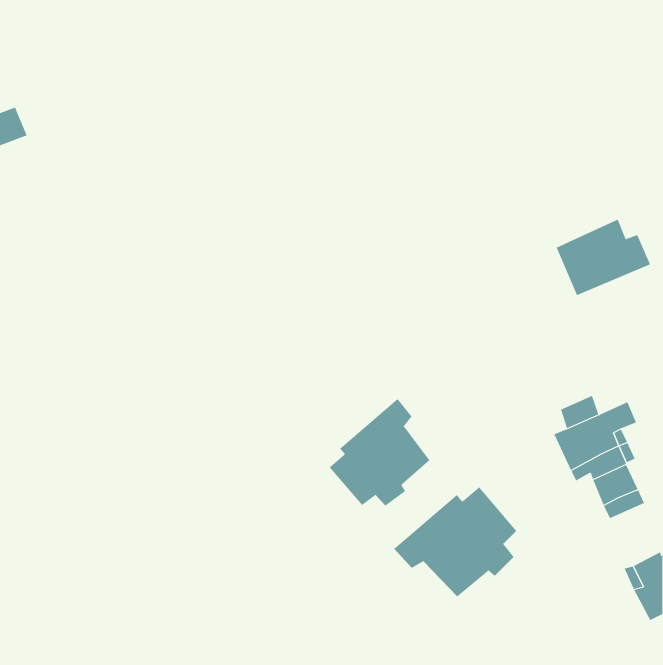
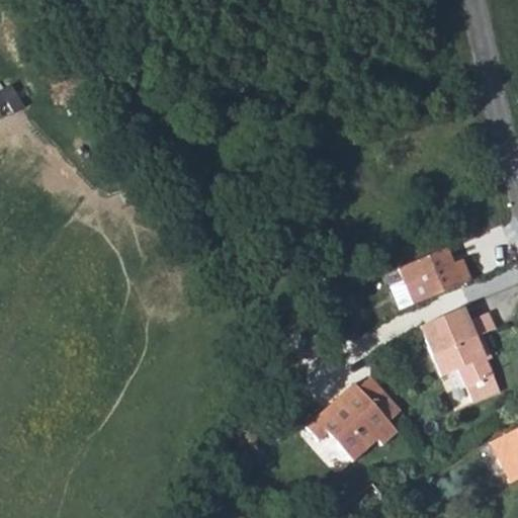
building: [556,219,651,296] -> [396,244,469,304]
building: [329,398,430,507] -> none

